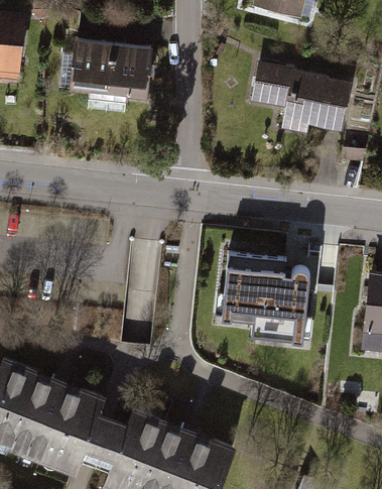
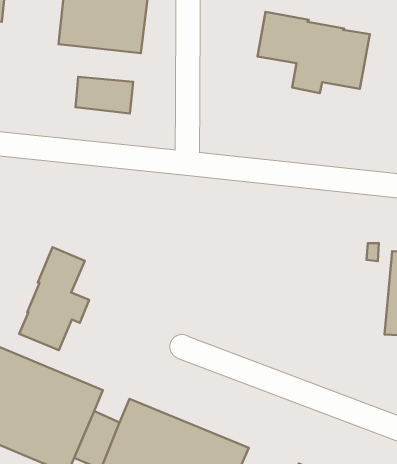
building: none -> [75,77,133,114]
building: [220,253,308,343] -> none
building: none -> [19,247,89,350]

